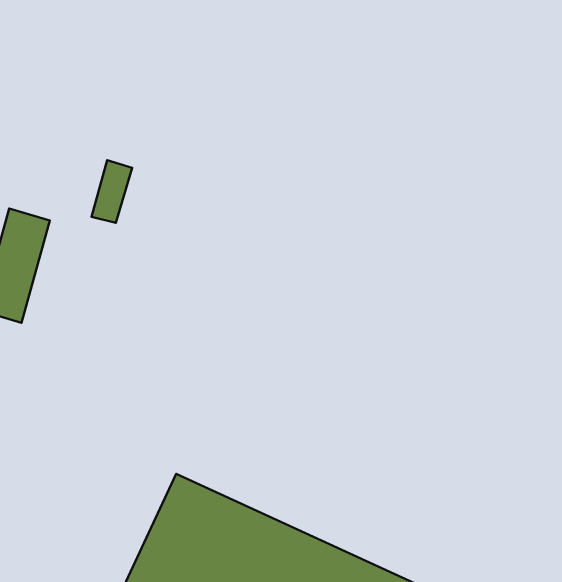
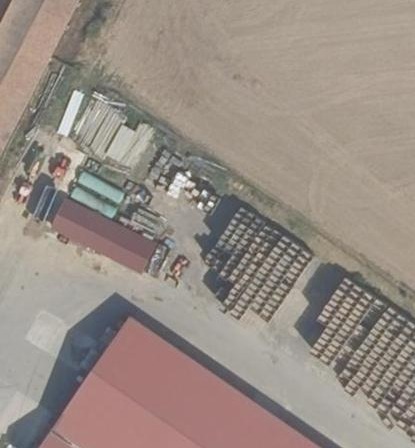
building: none -> [45,203,148,273]

